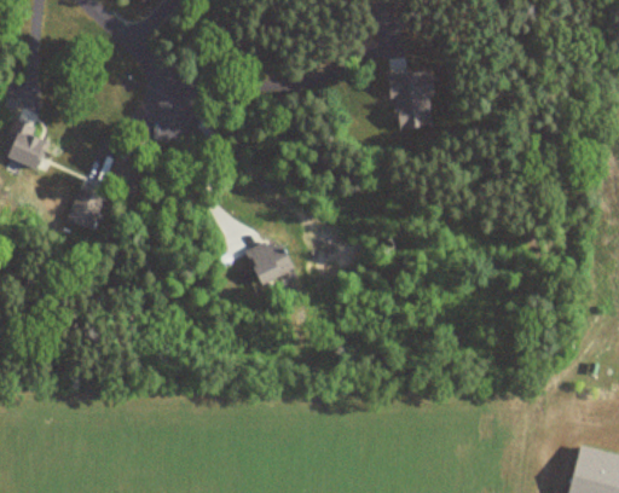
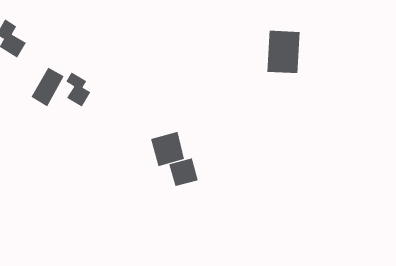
building: none -> [66,71,91,108]
building: none -> [168,157,199,187]

